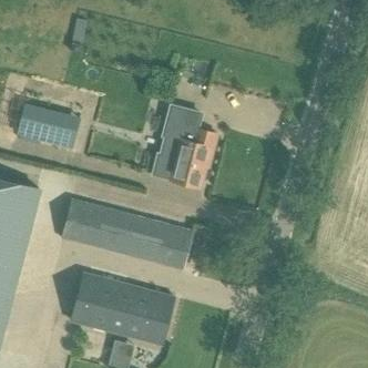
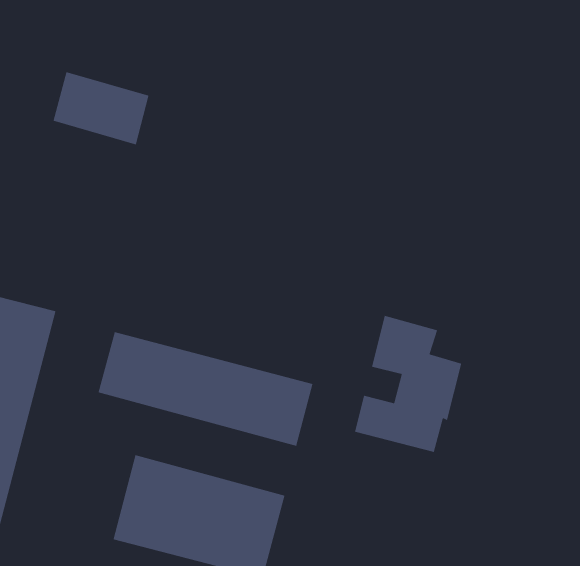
building: [21,103,79,147] -> [53,71,150,146]
building: [154,105,218,187] -> [354,315,462,453]

